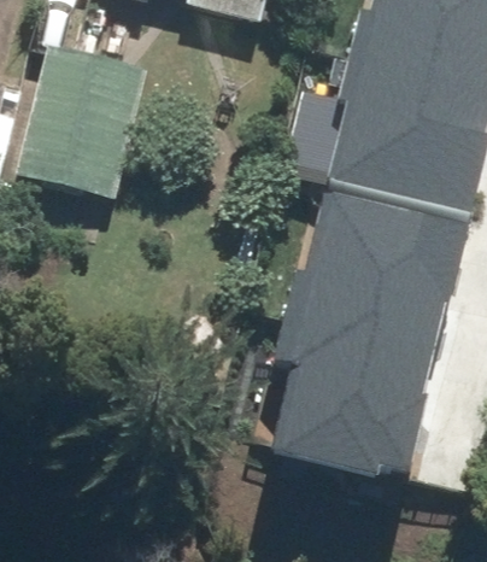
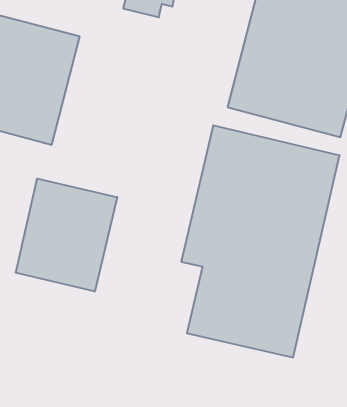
building: none -> [16,179,117,292]

